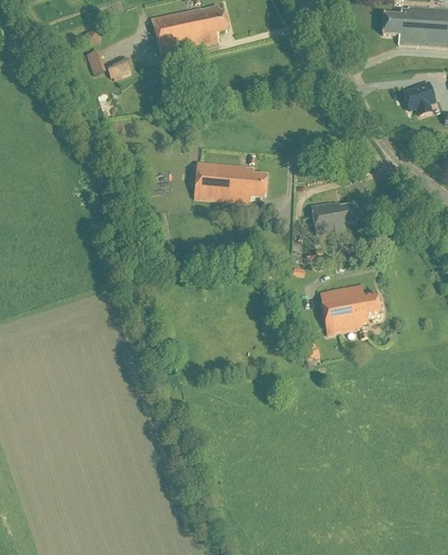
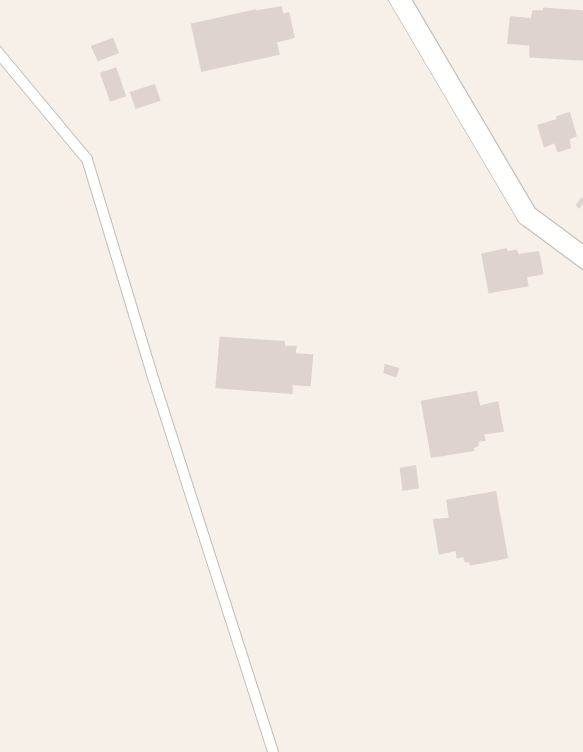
building: [193,160,266,203] -> [214,336,314,394]
building: [310,201,357,234] -> [480,248,544,294]
building: none -> [432,490,509,566]

